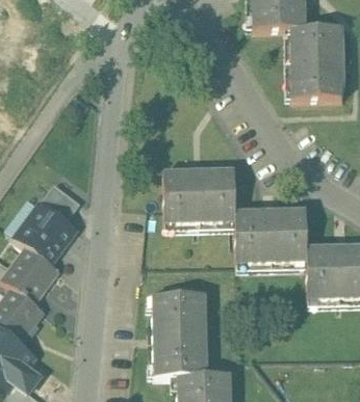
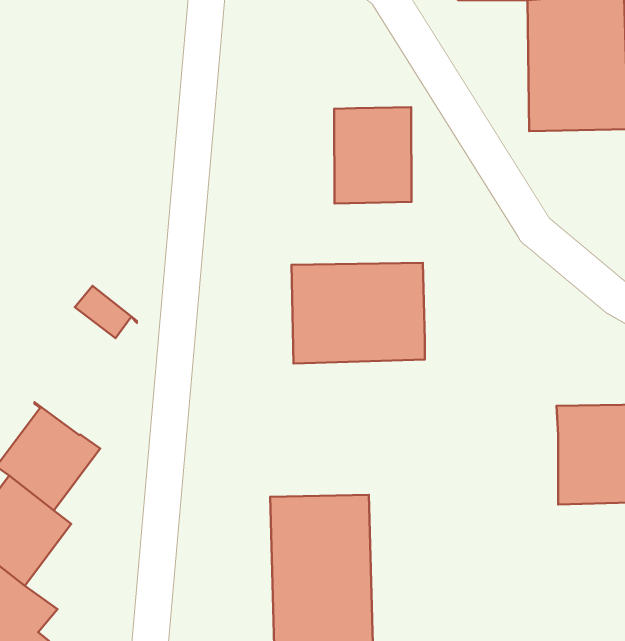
building: none -> [334,107,411,203]
building: [15,203,74,261] -> none
building: [235,208,307,262] -> none

